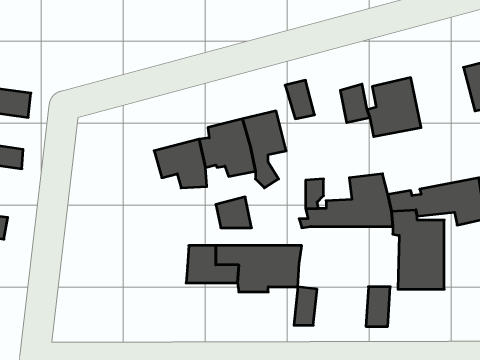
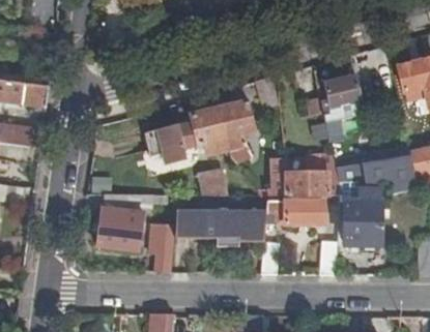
building: none -> [265,194,323,225]
building: none -> [96,195,166,252]
building: none -> [150,225,175,273]

